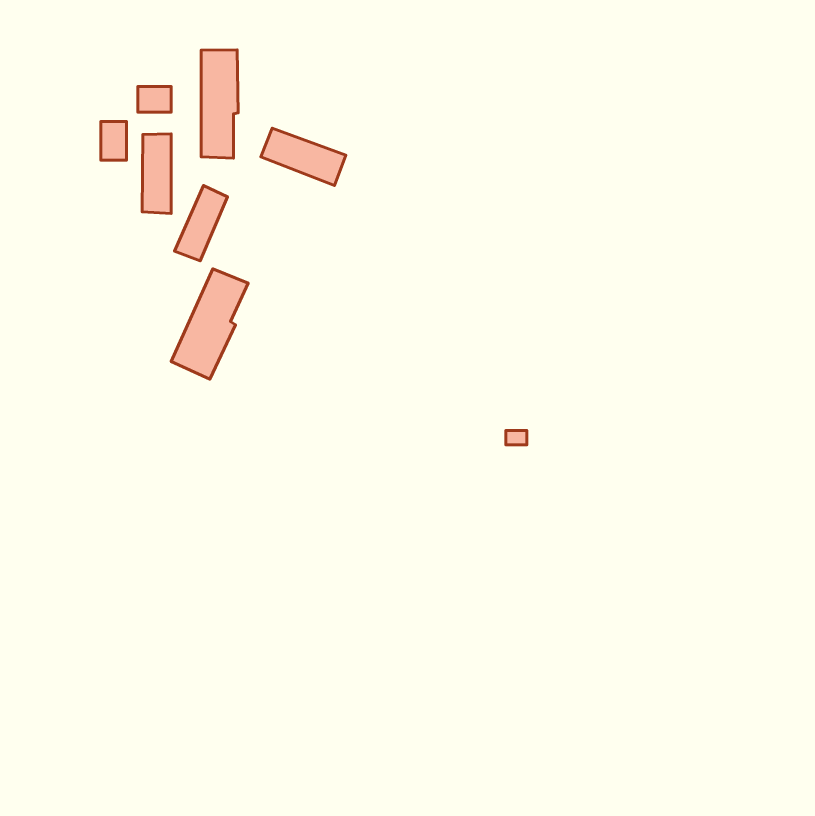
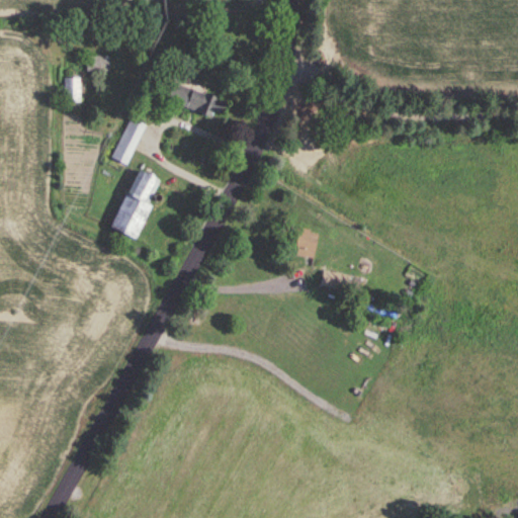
building: [201,50,238,158] -> none
building: [142,134,171,213] -> none

